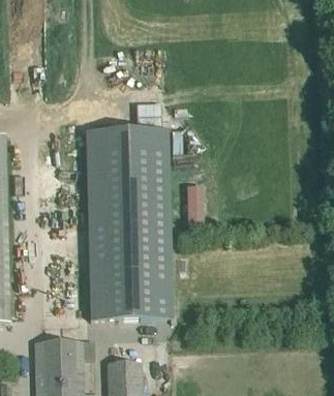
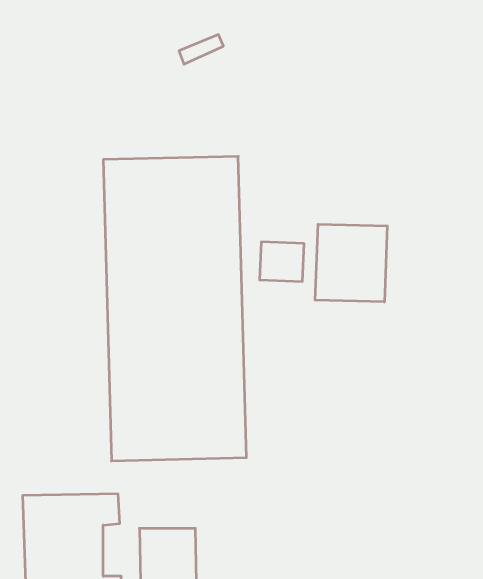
building: none -> [315,224,387,302]

